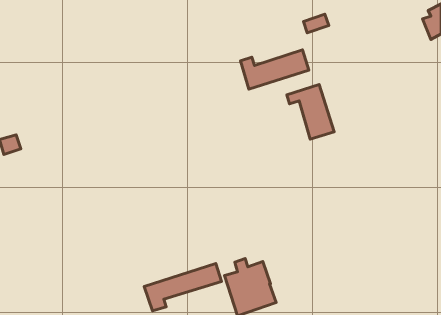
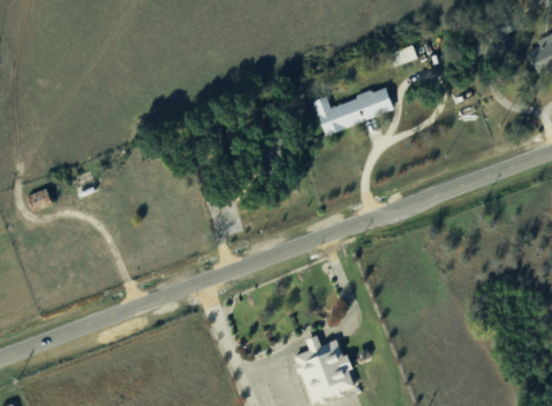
building: [287,84,334,139] -> none
building: [144,263,222,311] -> none

